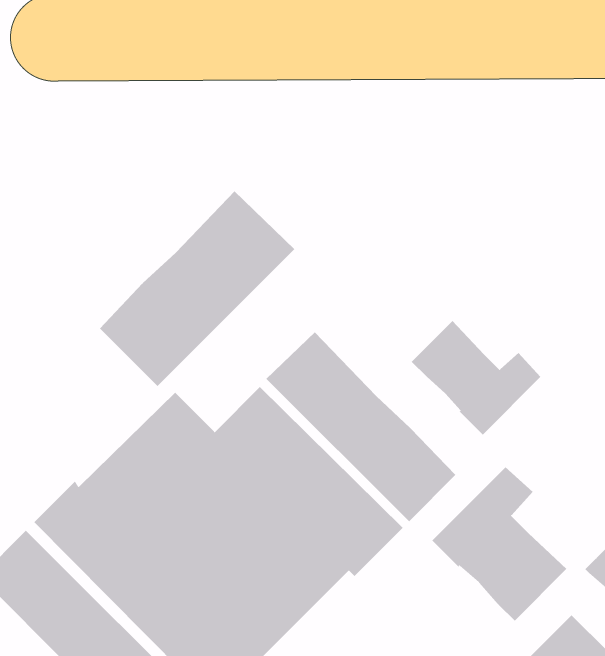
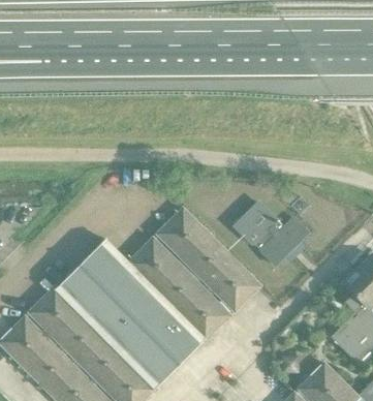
building: [99,191,295,387] -> none
building: [431,466,567,621] -> none

